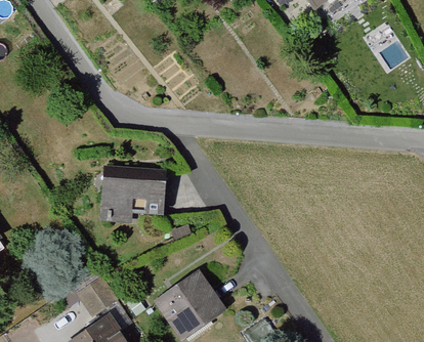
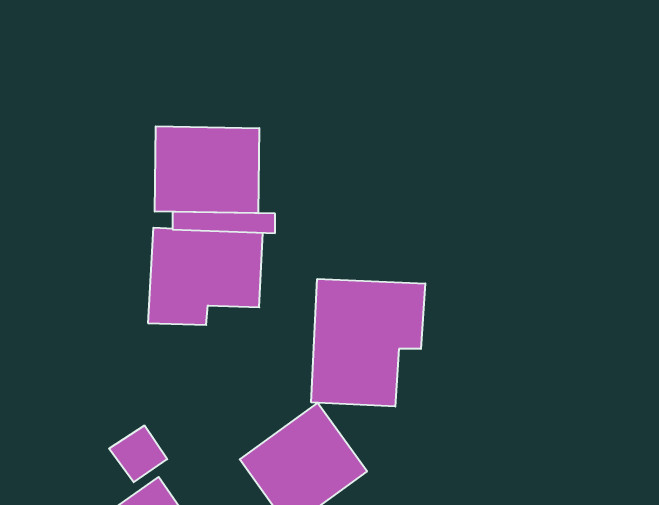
building: none -> [155,126,259,213]
building: none -> [311,279,425,407]

